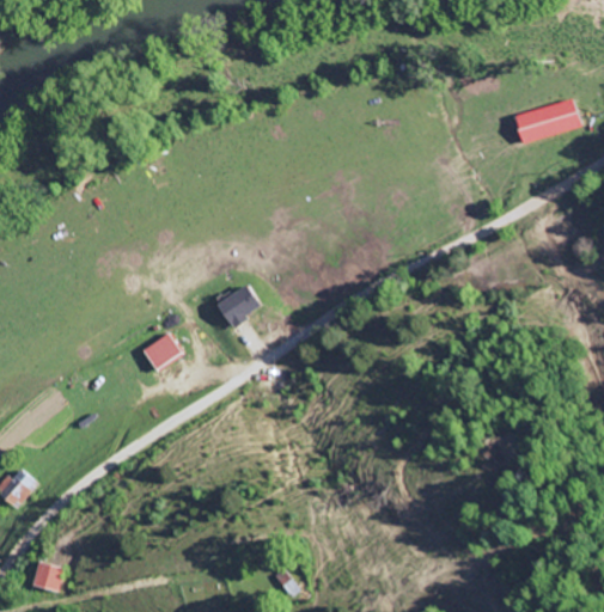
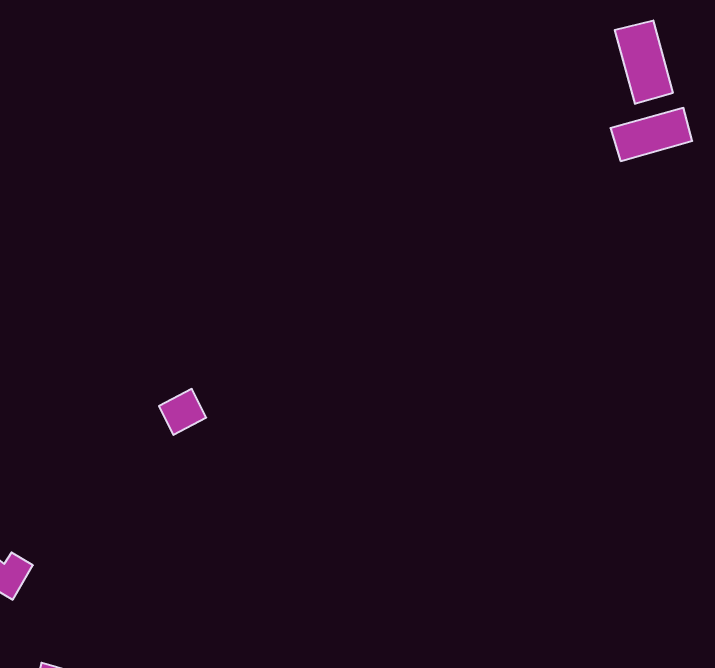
building: none -> [615,20,673,104]
building: [214,284,258,326] -> none

